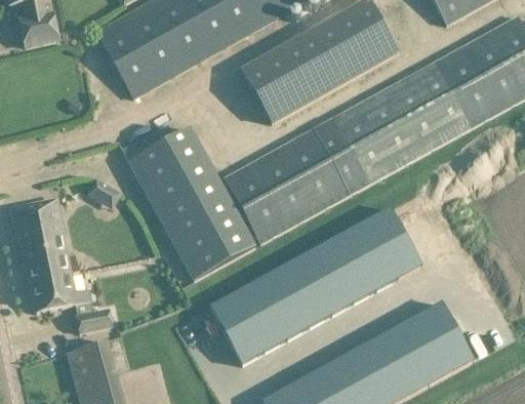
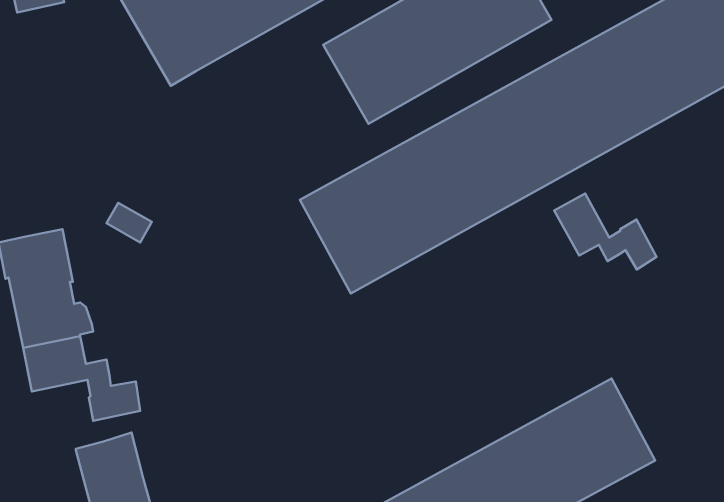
building: [129,127,257,281] -> none
building: none -> [554,193,657,269]
building: [211,207,422,364] -> none

